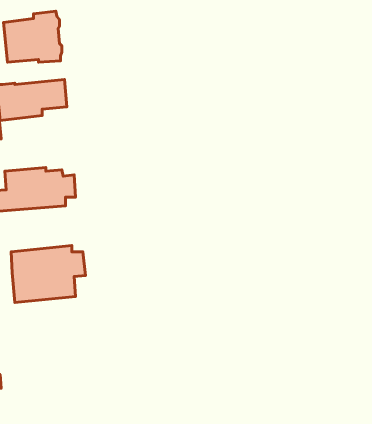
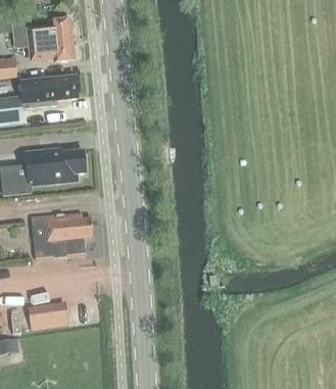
building: none -> [32,298,75,328]

